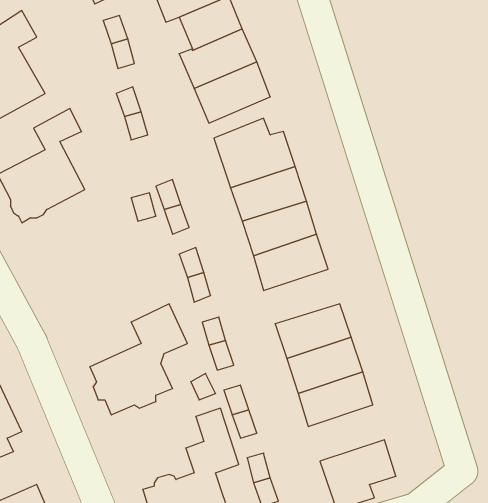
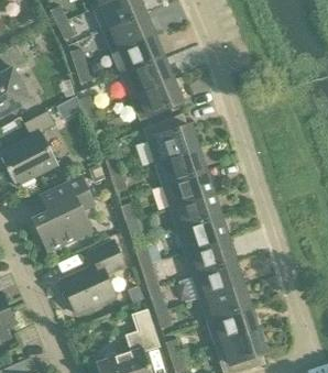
building: none -> [32,177,95,252]
building: none -> [177,217,228,253]
building: none -> [207,307,258,344]

